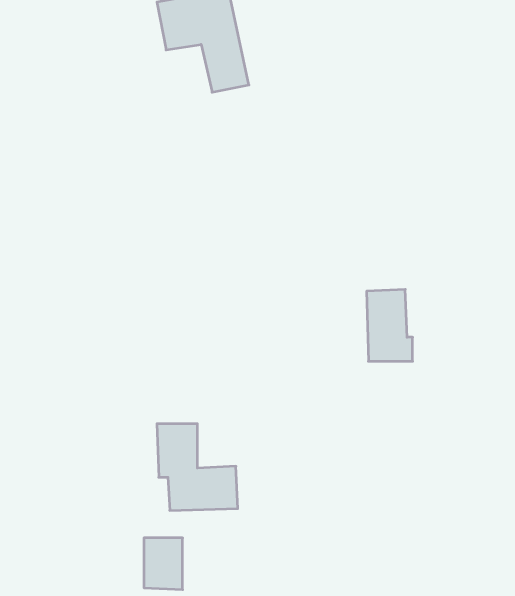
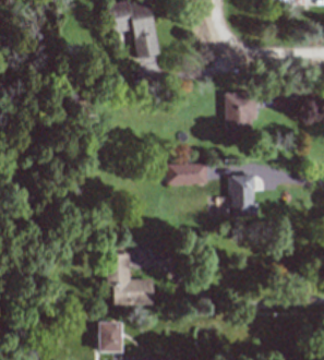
building: none -> [225,93,256,141]
building: none -> [166,164,207,184]

